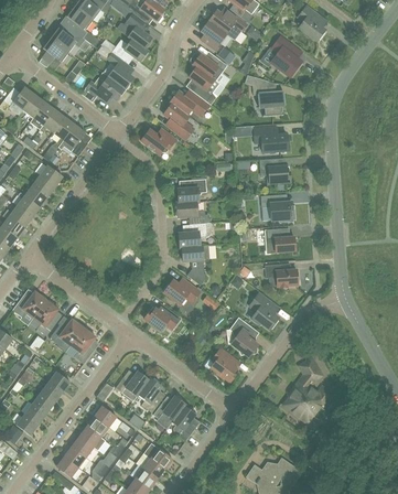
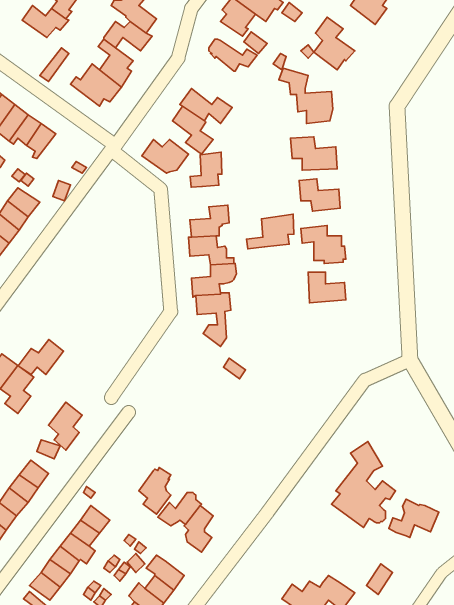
building: [39,37,68,66] -> none
building: [189,65,219,100] -> none
building: [57,124,87,155] -> none
building: none -> [190,152,222,187]
building: none -> [246,214,294,249]
building: [265,264,299,287] -> none
building: [163,279,200,310] -> none
building: [249,292,278,329] -> none
building: [143,303,180,330] -> none
building: [226,316,258,356] -> none
building: [49,318,83,344] -> [18,340,63,375]
building: [209,346,239,382] -> none
building: [115,369,149,401] -> none
building: none -> [389,499,439,538]

